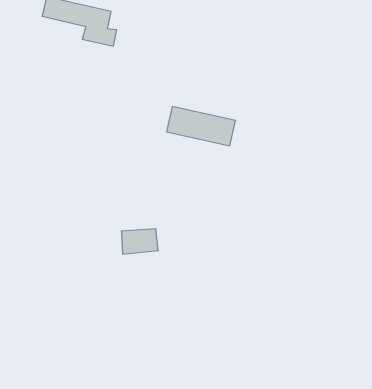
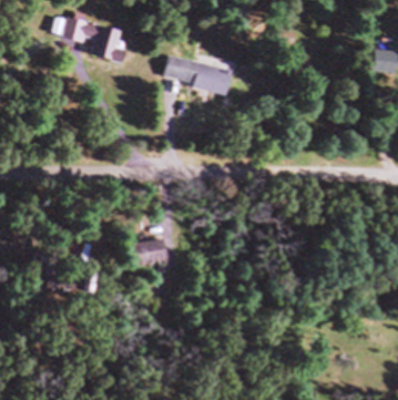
building: [167,107,236,146] -> [164,55,231,93]

